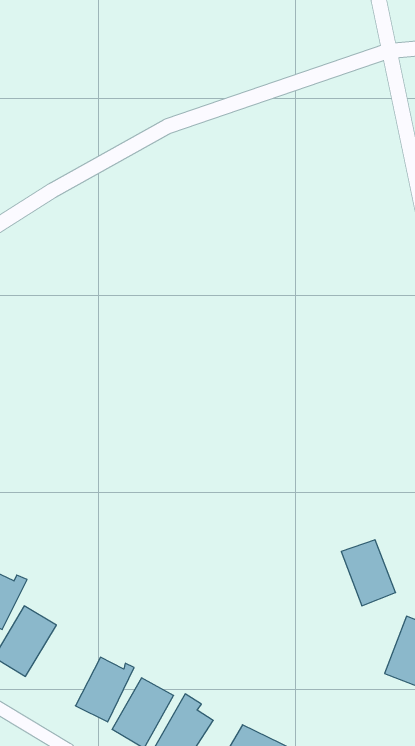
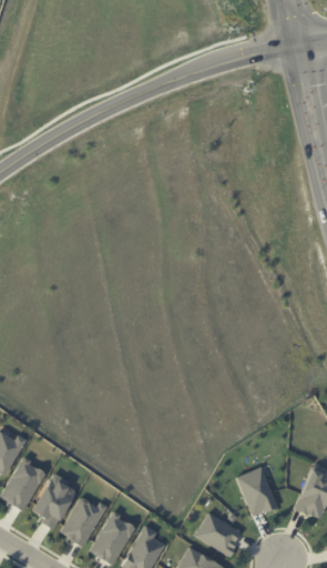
building: [341,540,396,606] -> [236,467,277,517]
building: none -> [32,474,76,529]
building: none -> [195,513,242,556]

